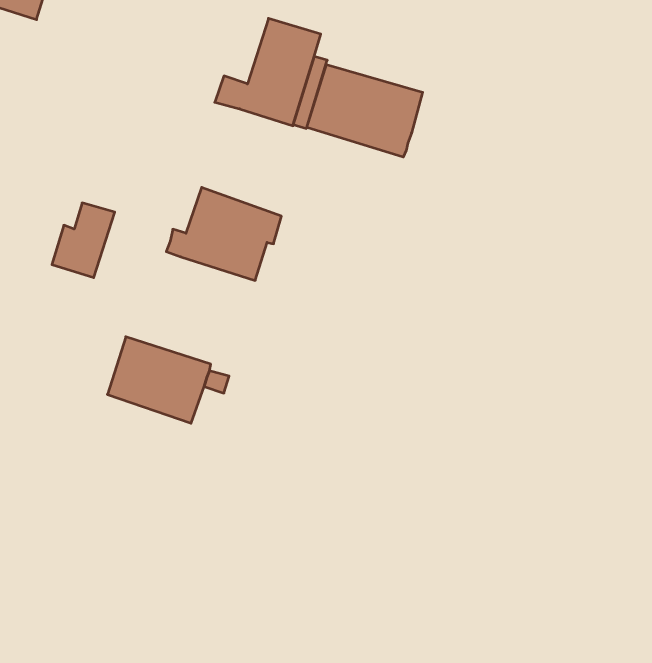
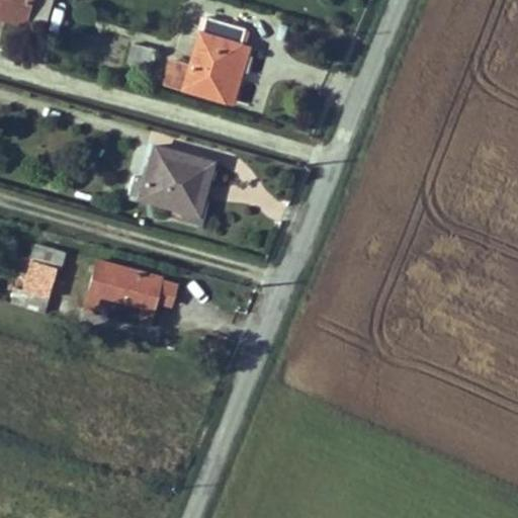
building: [307,64,423,157] -> none
building: [52,203,115,278] -> [11,255,60,313]

